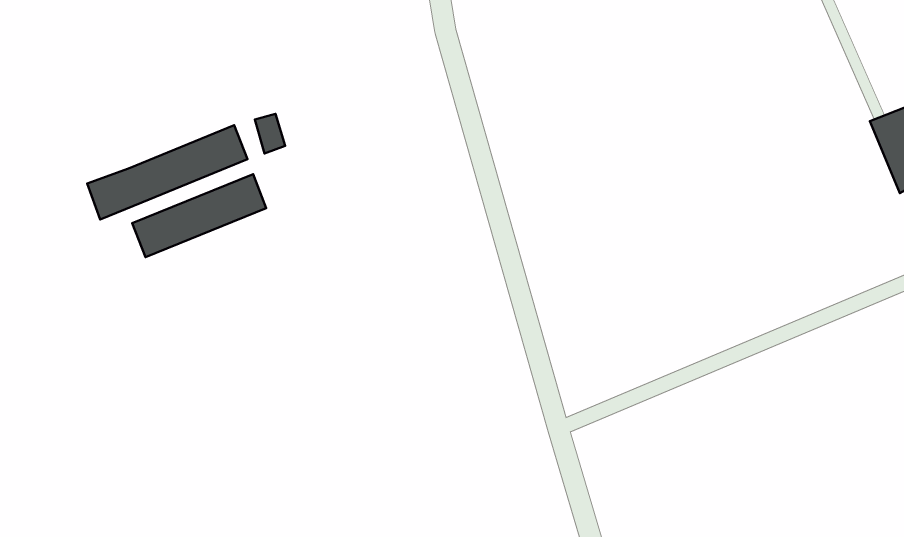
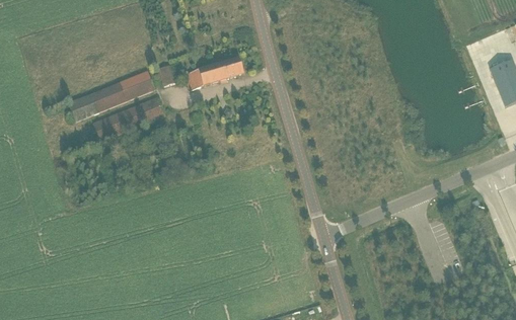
building: none -> [183,58,243,90]

